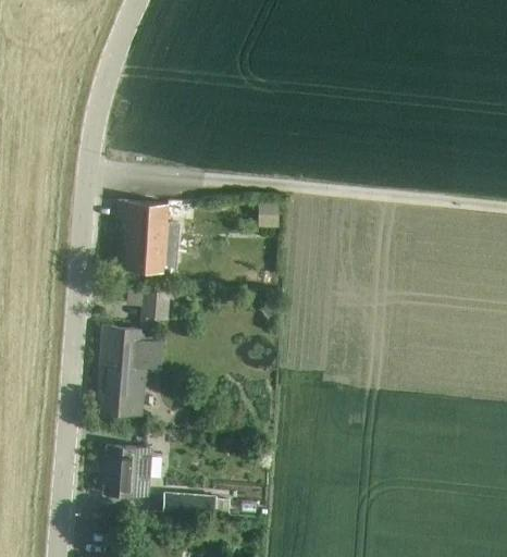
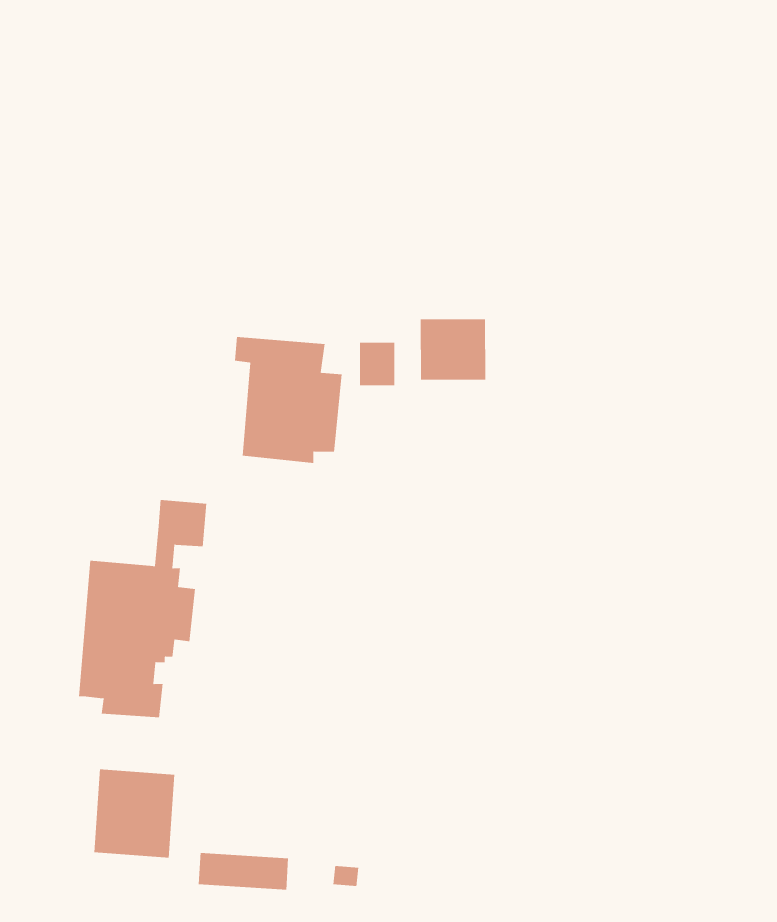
building: none -> [420,319,486,380]
building: [115,202,177,275] -> [234,336,342,463]

